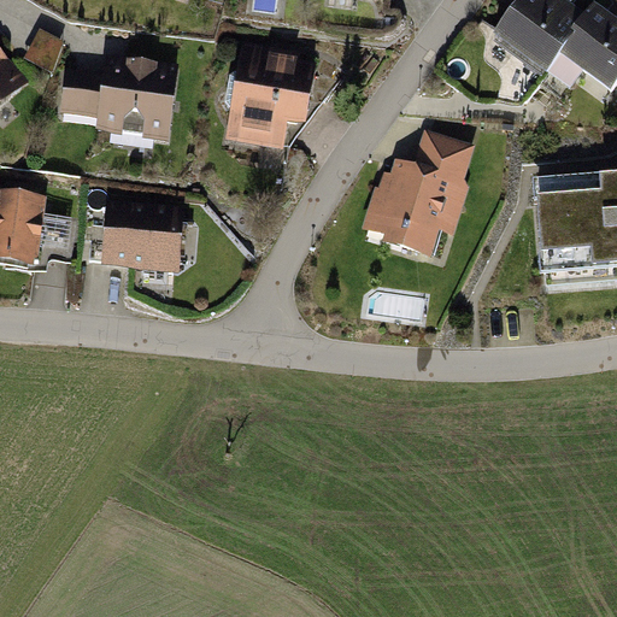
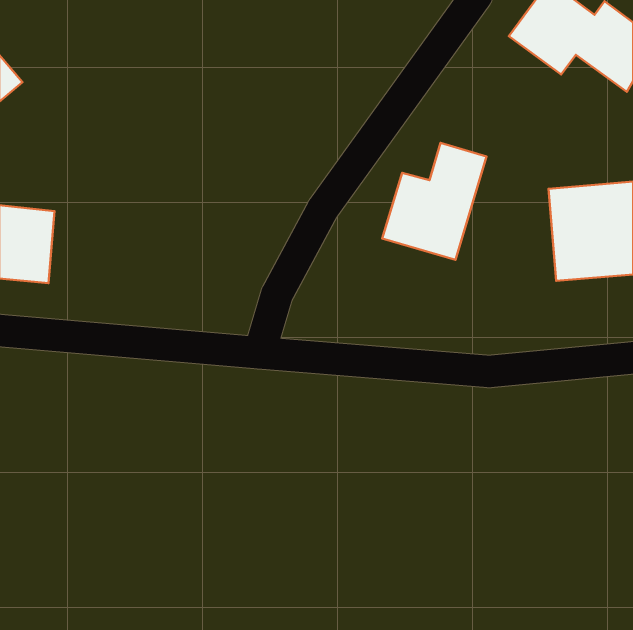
building: [230,47,312,142] -> none
building: [69,54,175,134] -> none
building: [105,206,181,268] -> none

